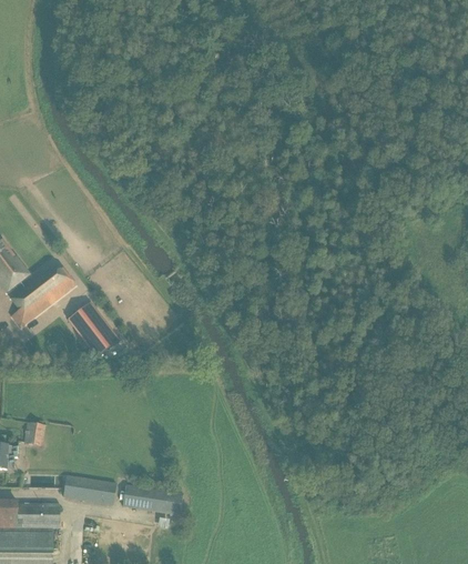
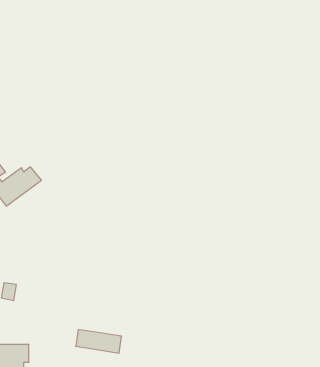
building: [67,302,118,357] -> none
building: [61,475,115,505] -> none

